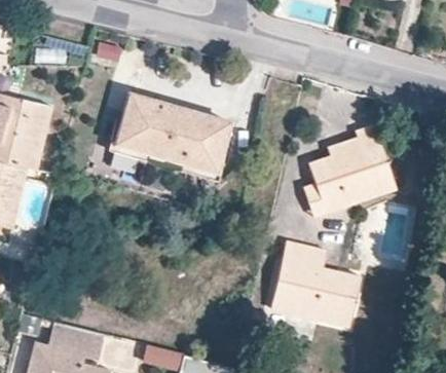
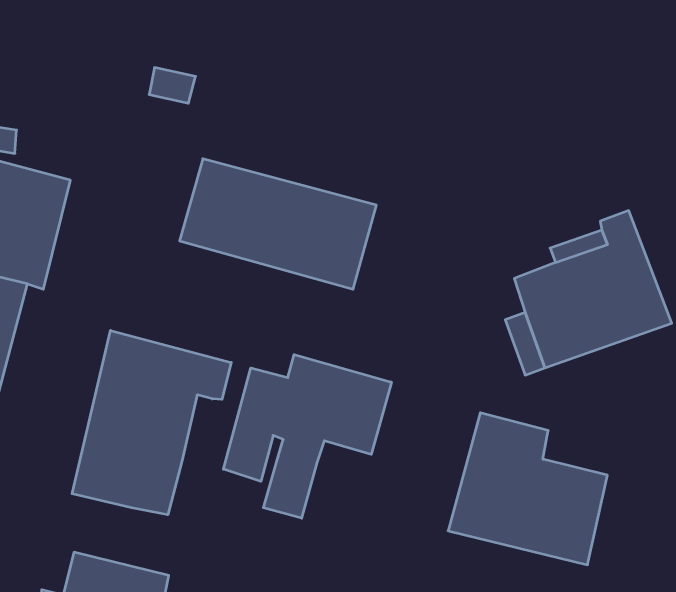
building: none -> [72,330,231,515]
building: none -> [223,355,391,518]

